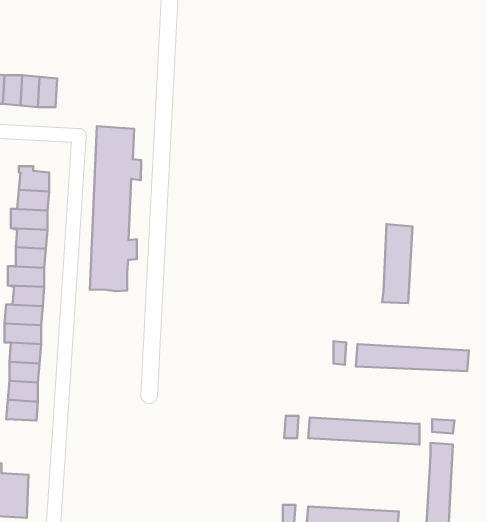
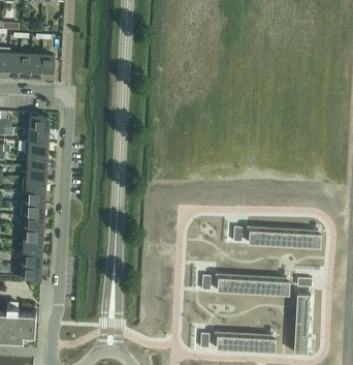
building: [90,126,141,291] -> none
building: [382,224,413,303] -> none

